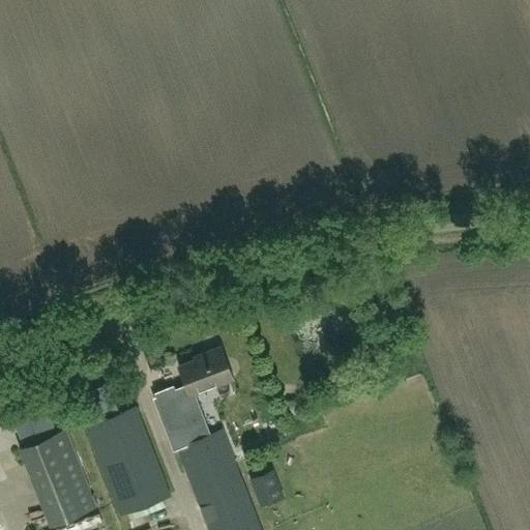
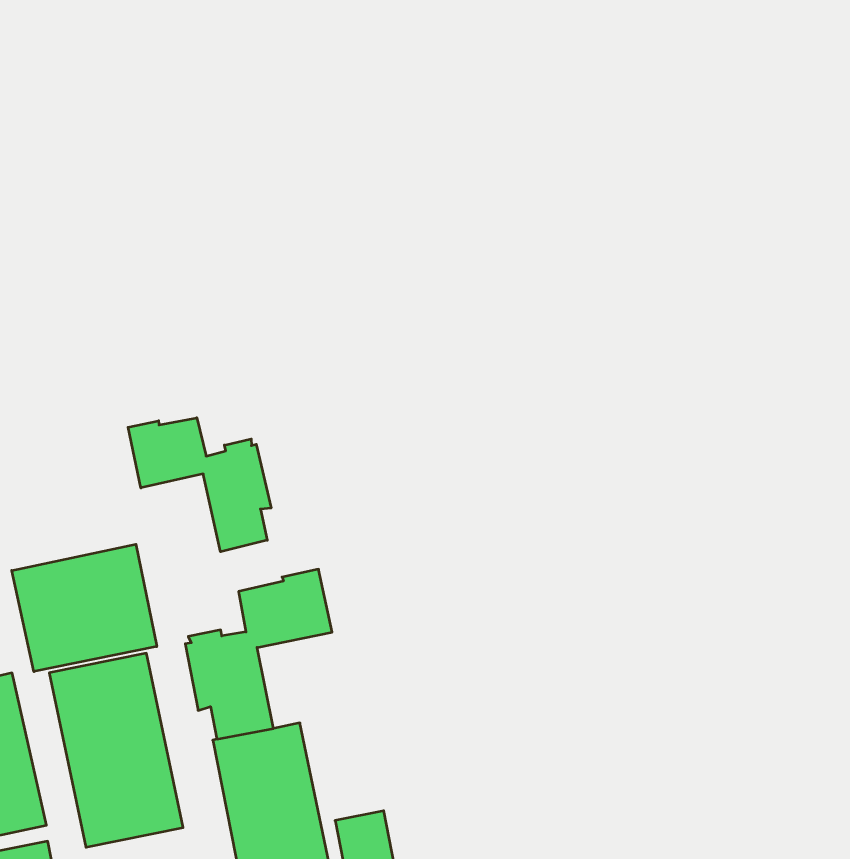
building: none -> [128,418,271,552]
building: none -> [12,544,157,672]

